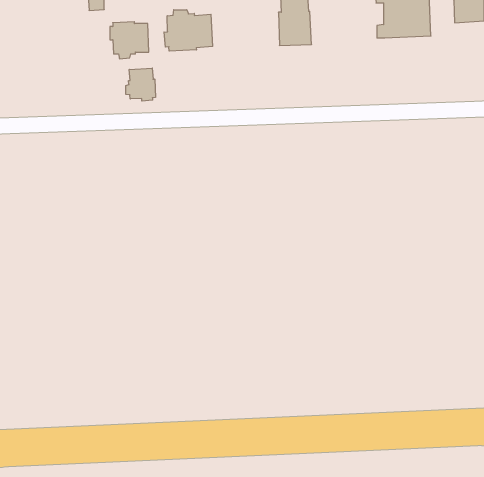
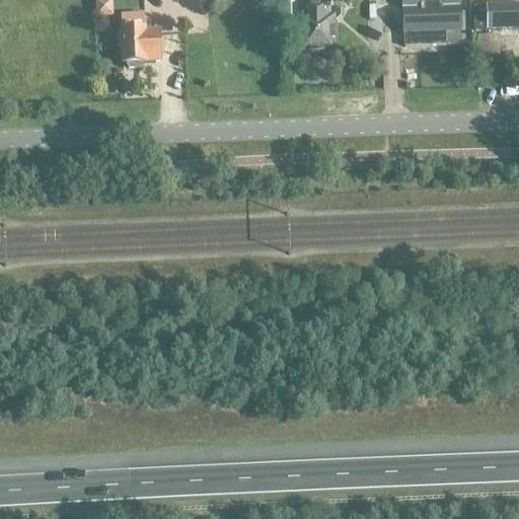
building: [164,10,213,51] -> none
building: [126,68,155,101] -> none

